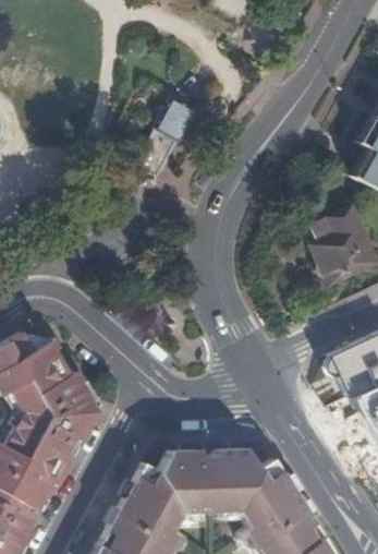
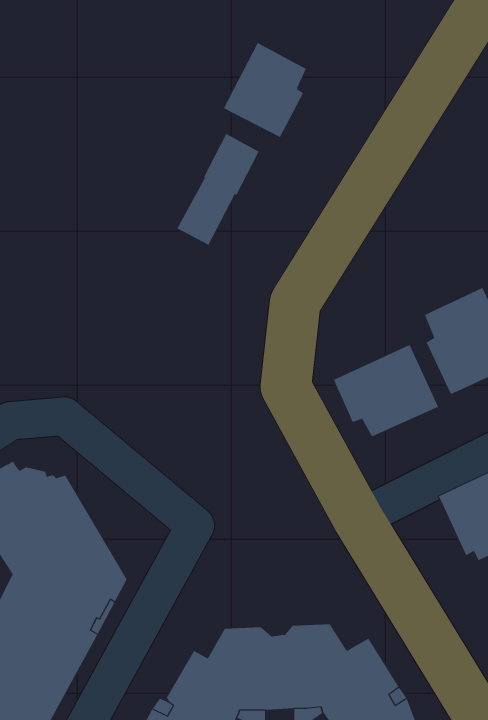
building: none -> [223,42,307,138]
building: none -> [333,344,439,437]

